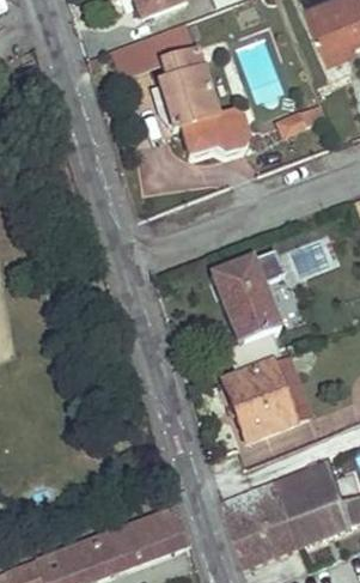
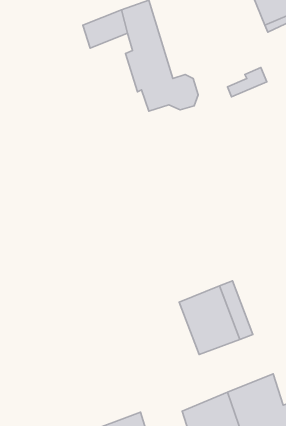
building: [209,243,303,344] -> none

